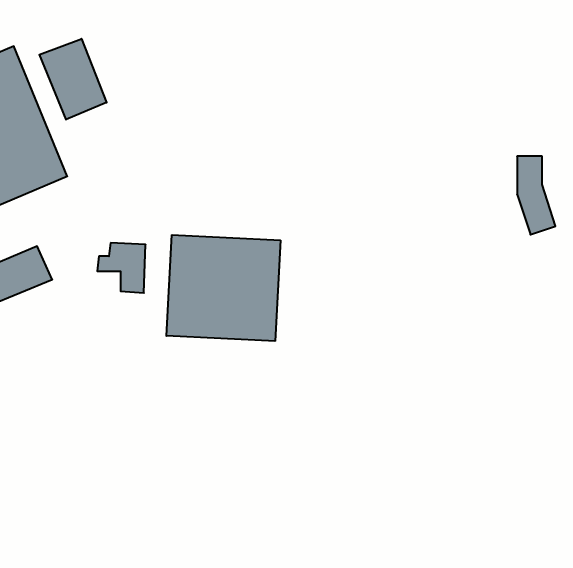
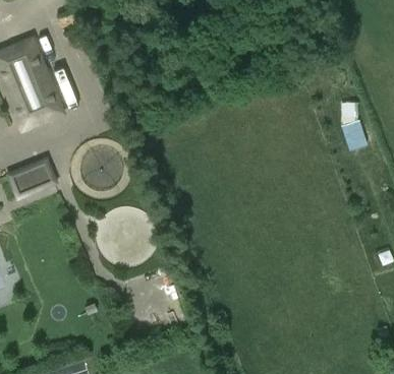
building: [39,39,107,120] -> none
building: [166,235,280,341] -> none

